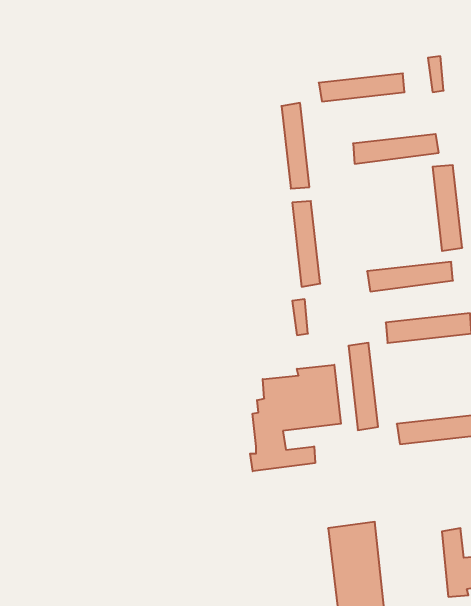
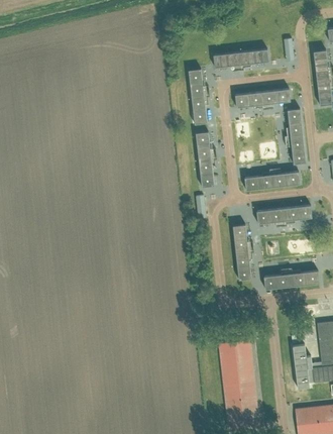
building: [250,365,341,471] -> none

